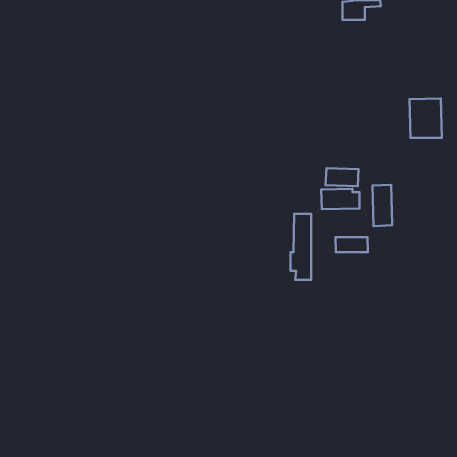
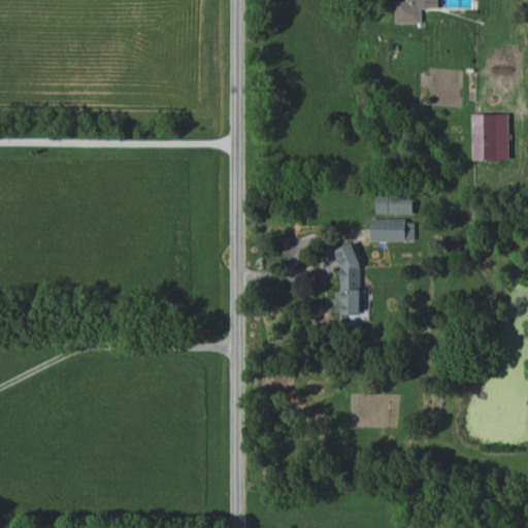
building: [372,185,392,226] -> none
building: [335,237,368,252] -> none

